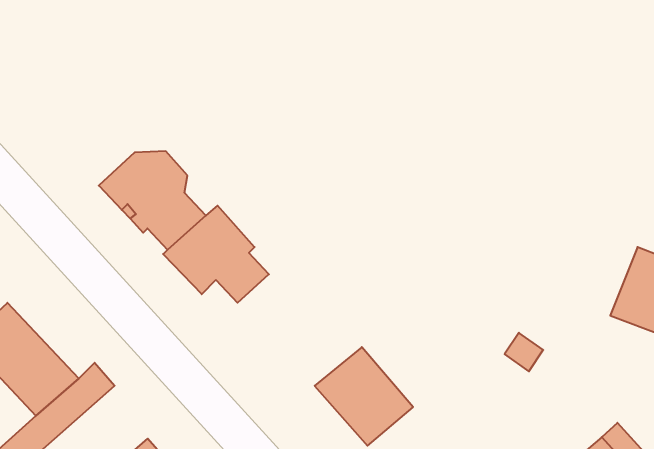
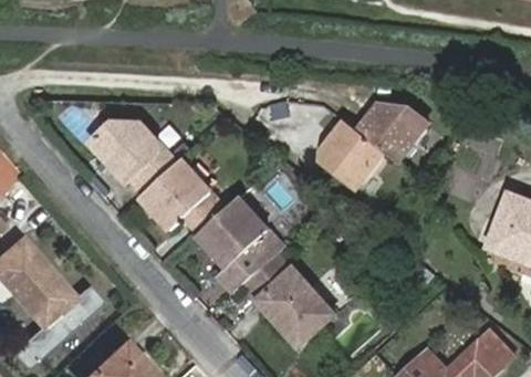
building: none -> [319,105,428,189]
building: none -> [197,199,283,296]

